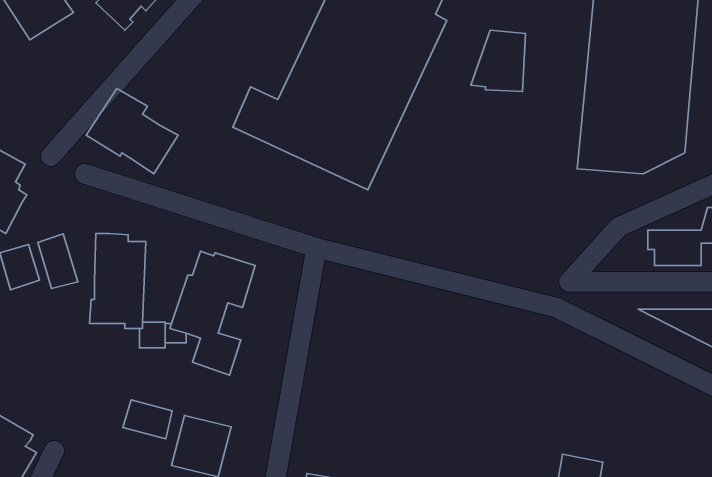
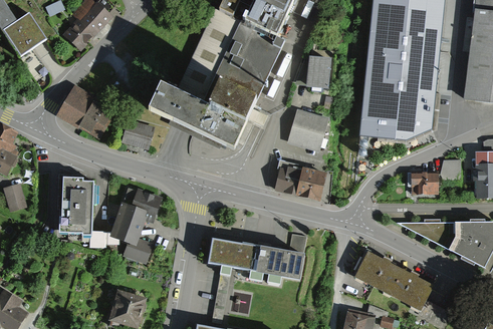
building: none -> [287,108,327,150]
building: none -> [119,119,155,150]
building: none -> [273,158,327,202]
building: [38,234,78,289] -> none
building: none -> [208,238,303,279]
building: none -> [359,256,434,310]
building: [123,400,172,439] -> none

